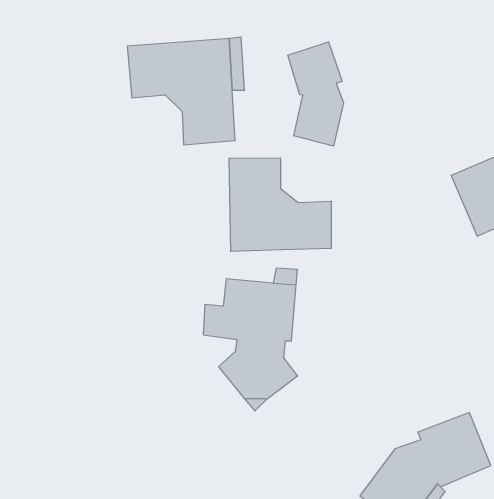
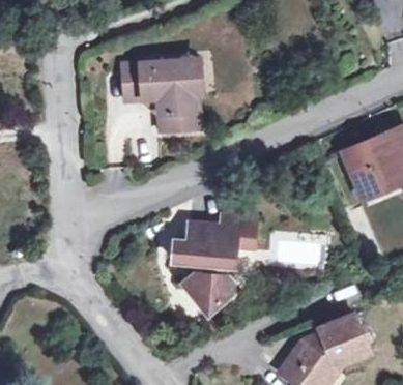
building: [288,42,344,146] -> none
building: [229,158,331,252] -> none

